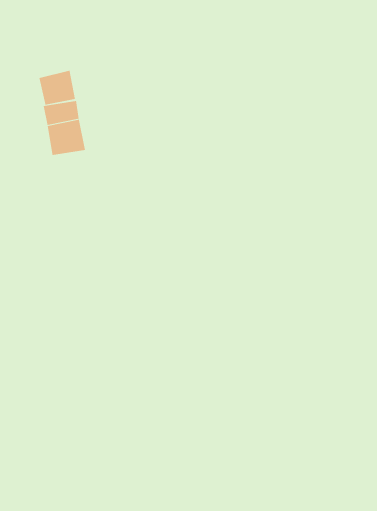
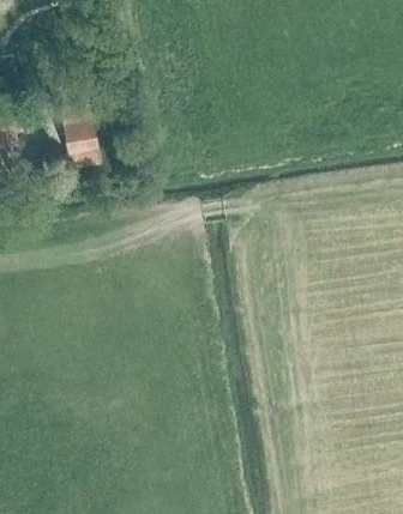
building: [39,70,76,105] -> none

